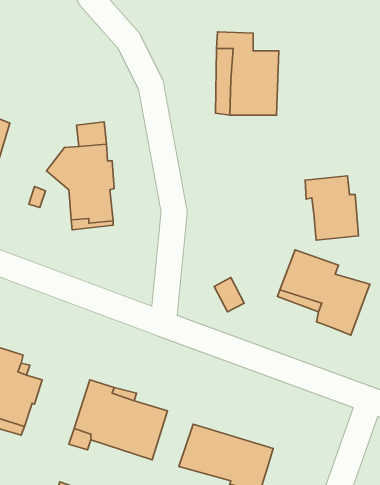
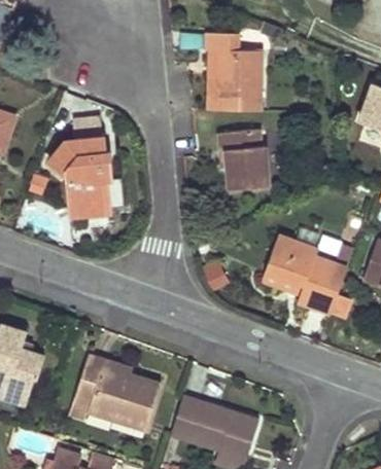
building: [305,176,359,240] -> [219,129,269,188]

